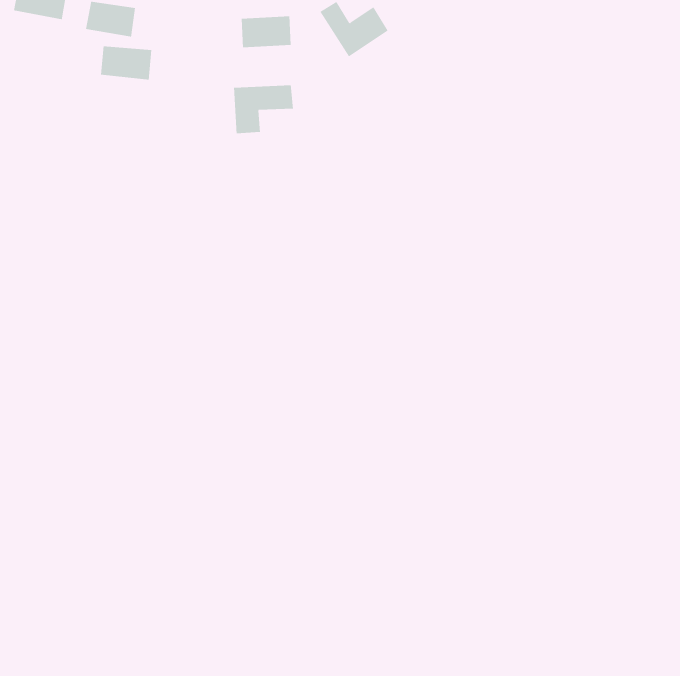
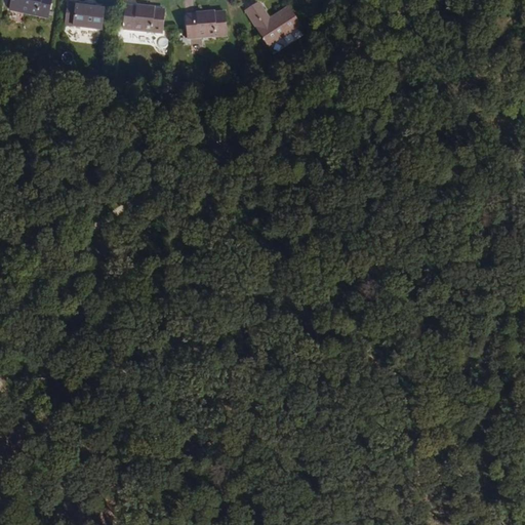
building: [100,46,152,80] -> [124,4,164,31]
building: [234,85,293,134] -> none

